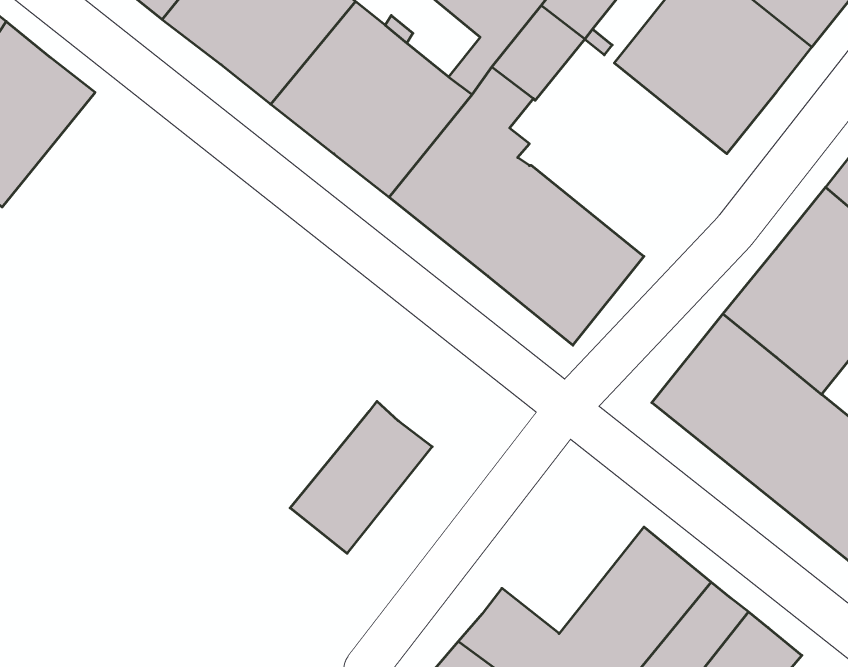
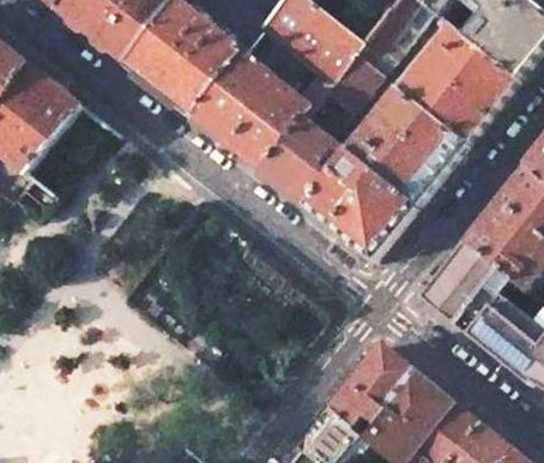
building: none -> [345,86,464,204]
building: [290,401,432,553] -> [327,341,413,433]

